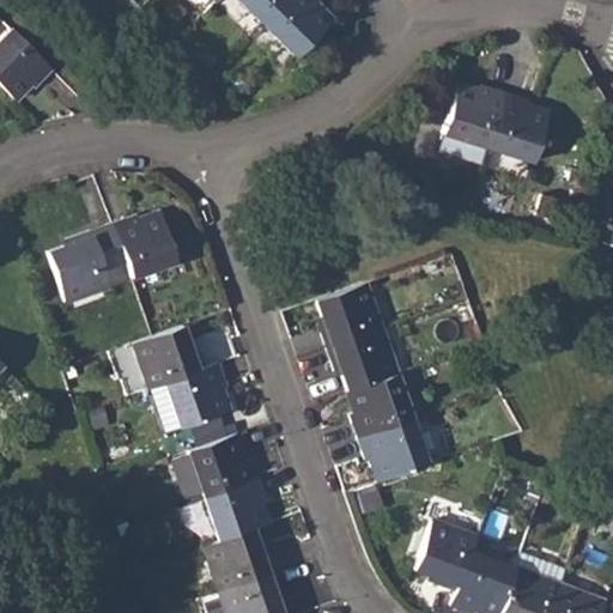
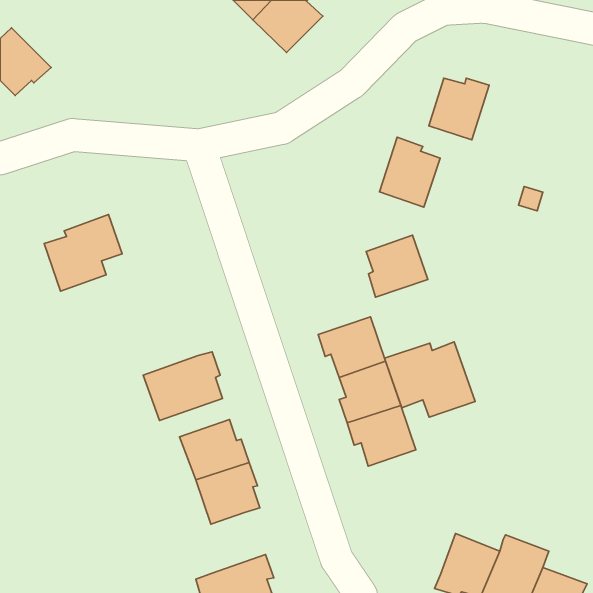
building: [487,90,550,162] -> [380,137,440,207]
building: [114,213,178,278] -> none
building: [320,283,383,346] -> [366,235,428,297]
building: [134,326,206,388] -> none
building: none -> [385,342,475,417]
building: [414,521,477,593] -> none
building: [205,529,275,591] -> none

